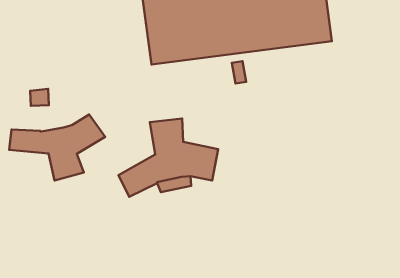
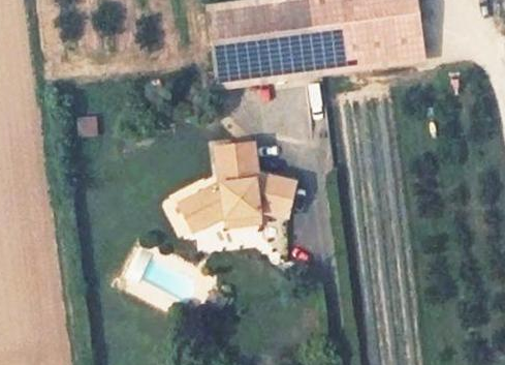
building: [9,114,105,180] -> none

